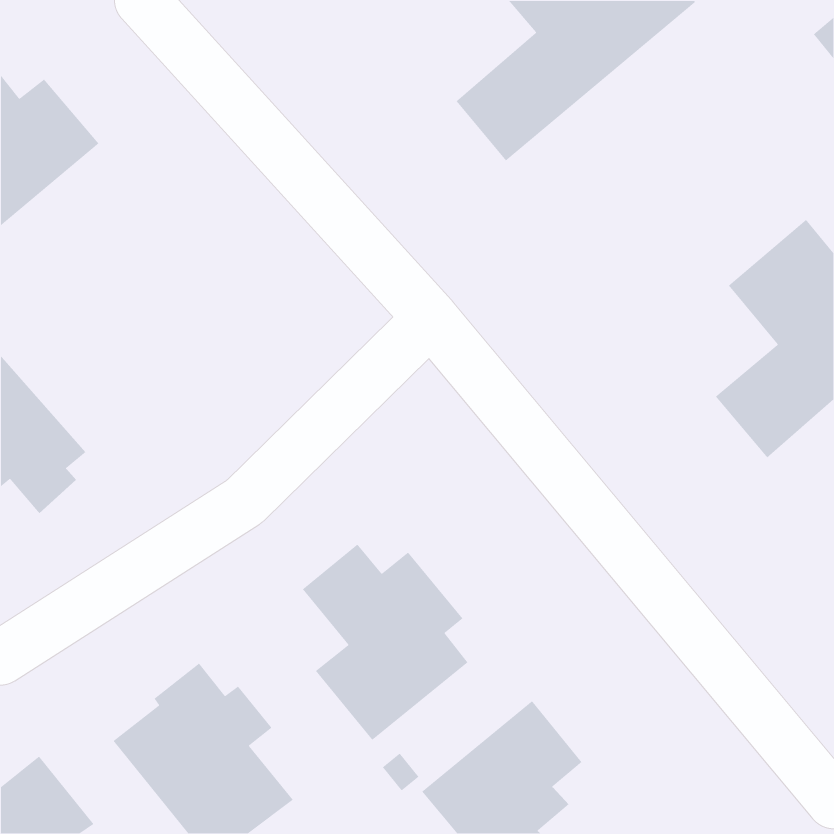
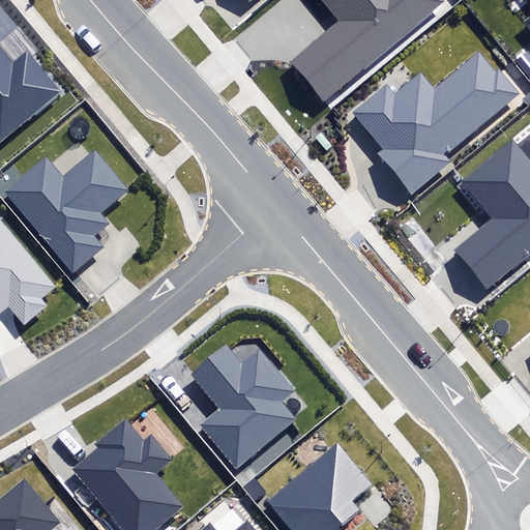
building: none -> [351,55,517,197]
building: none -> [4,151,126,274]

